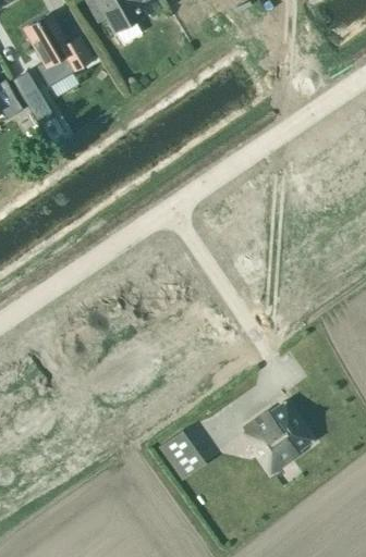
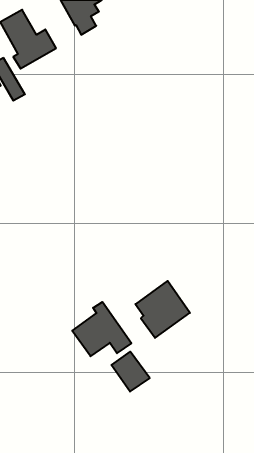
building: none -> [72,302,131,356]
building: [245,401,312,471] -> [135,281,190,338]

